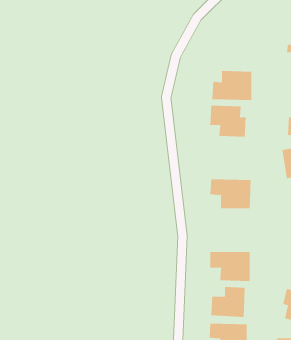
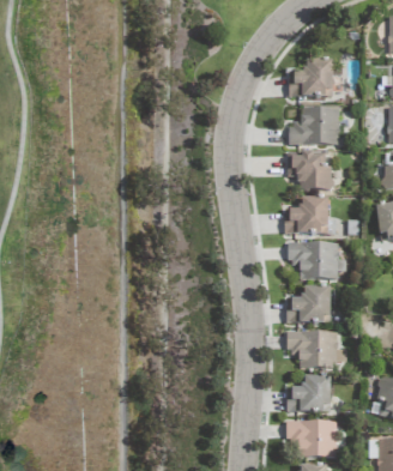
building: none -> [289,59,333,97]
building: none -> [284,197,327,233]
building: none -> [286,285,331,322]

